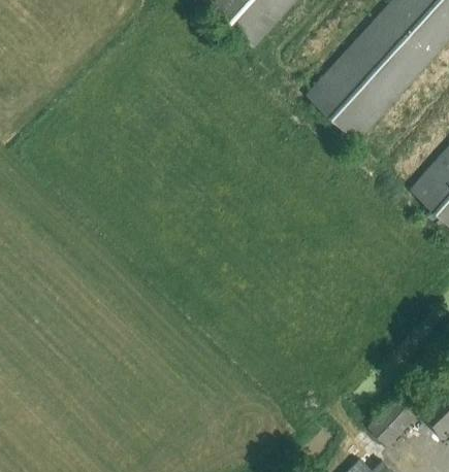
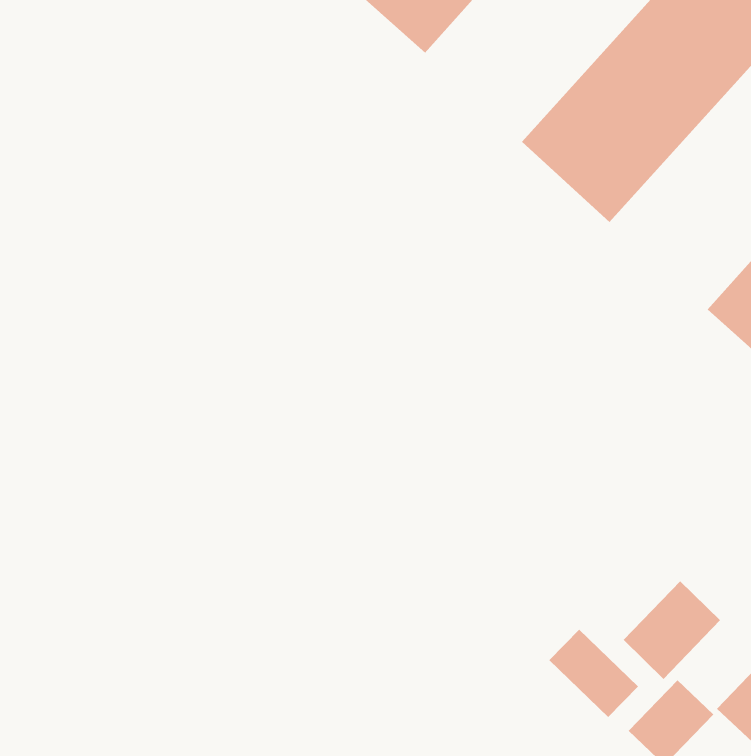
building: none -> [623,580,721,680]
building: none -> [548,629,639,718]

